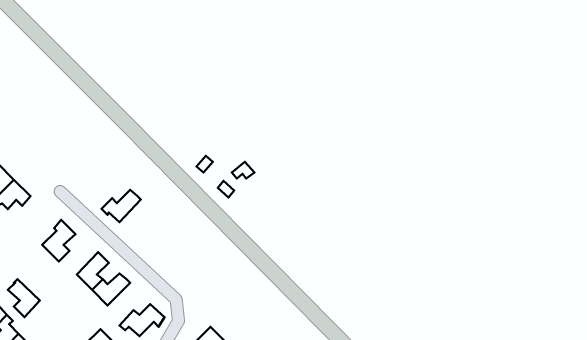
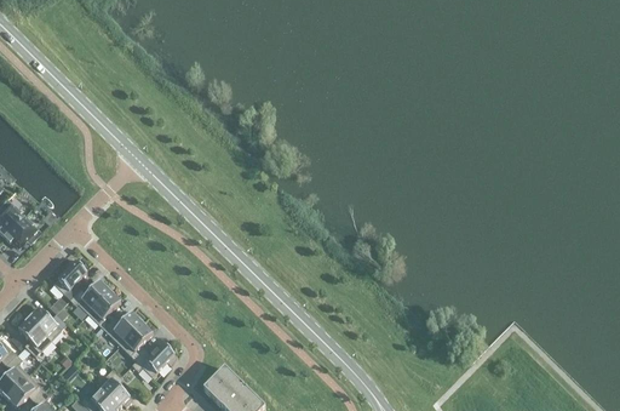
building: [102,190,141,222] -> [69,280,109,313]
building: none -> [27,307,65,339]
building: none -> [119,321,151,365]

